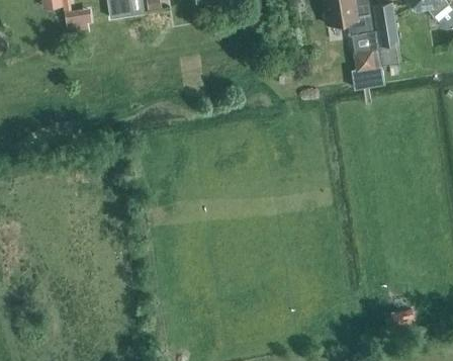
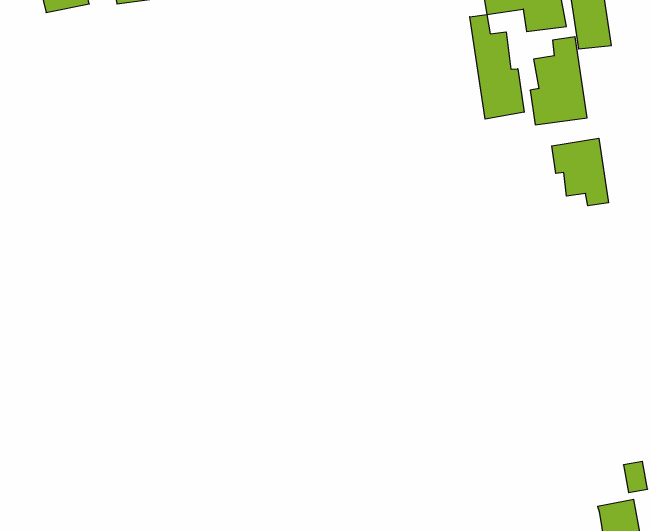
building: none -> [470,14,524,119]
building: none -> [552,138,608,206]

